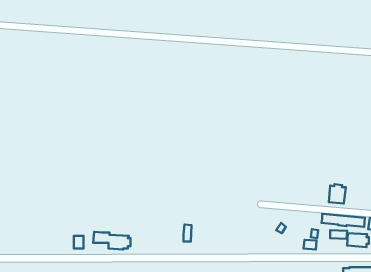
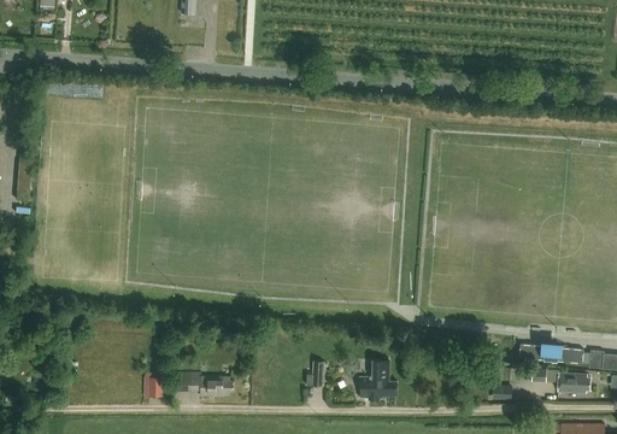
building: [329,184,346,203] -> none
building: none -> [358,359,395,399]

